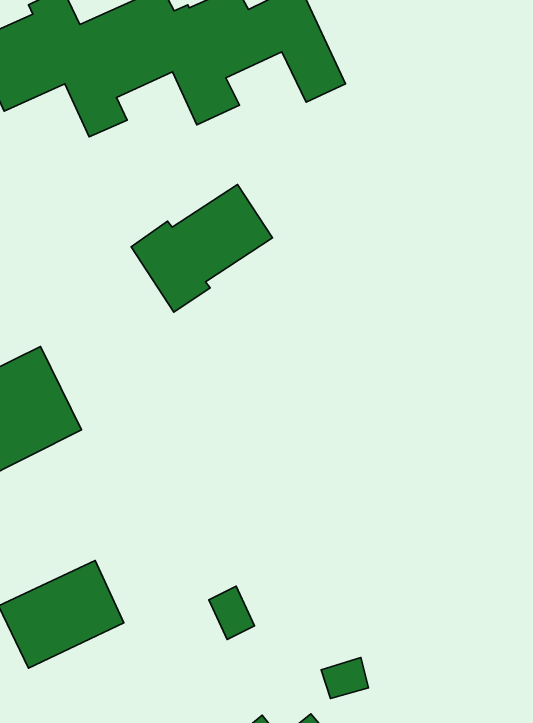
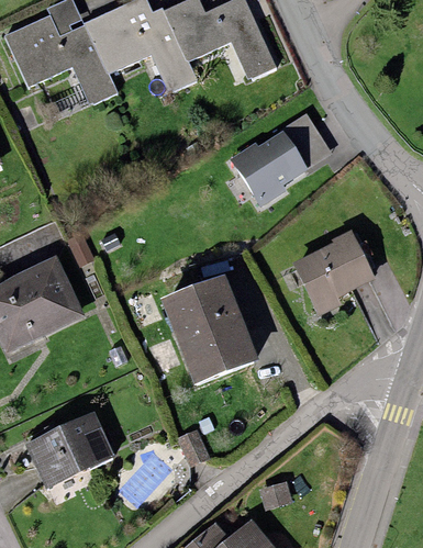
building: [131,185,272,312] -> [229,115,331,208]
building: none -> [292,228,377,315]
building: none -> [160,272,258,383]

